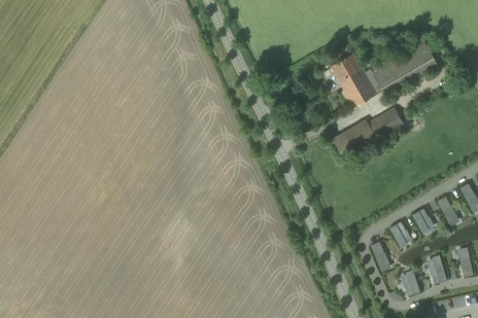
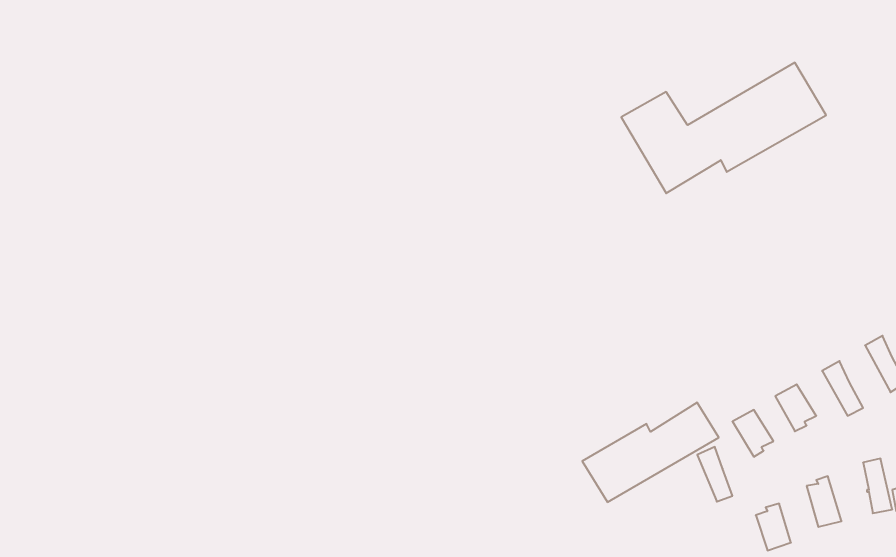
building: [333,107,405,160] -> [582,403,719,502]

